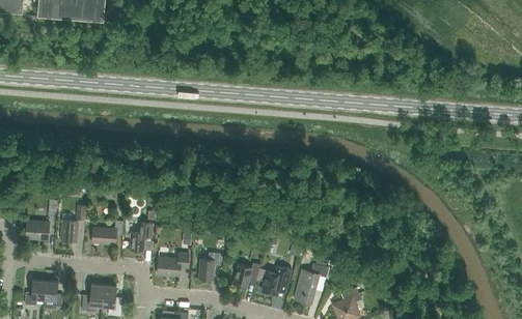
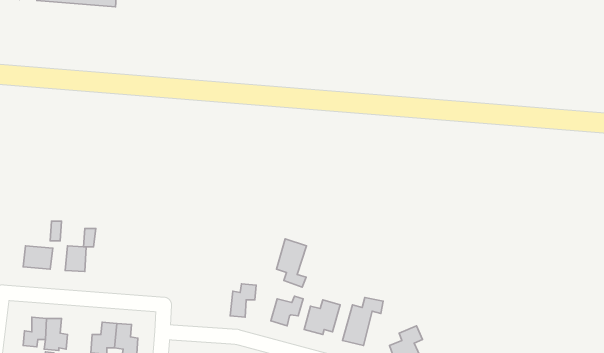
building: none -> [276,239,306,287]
building: [91,220,123,243] -> none
building: [130,222,153,251] -> none
building: [157,252,189,277] -> none

